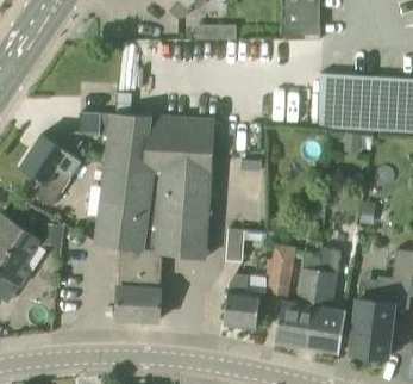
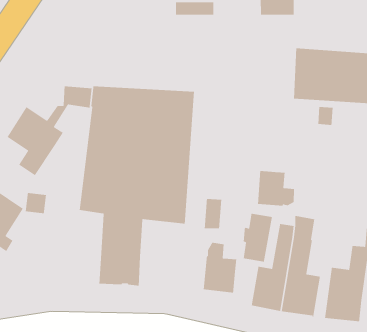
building: none -> [257,170,295,207]

